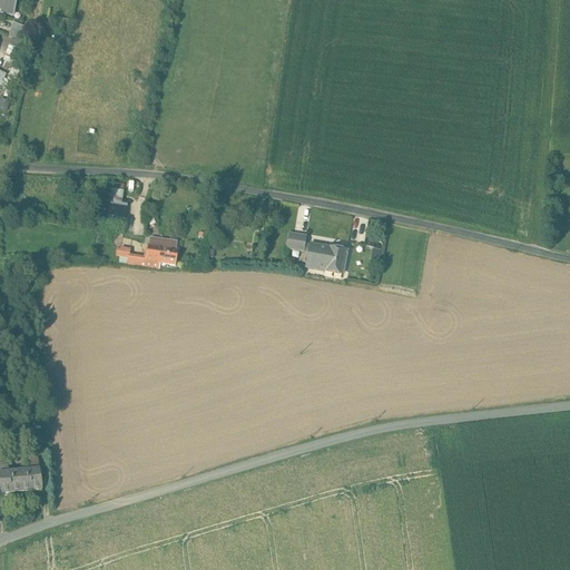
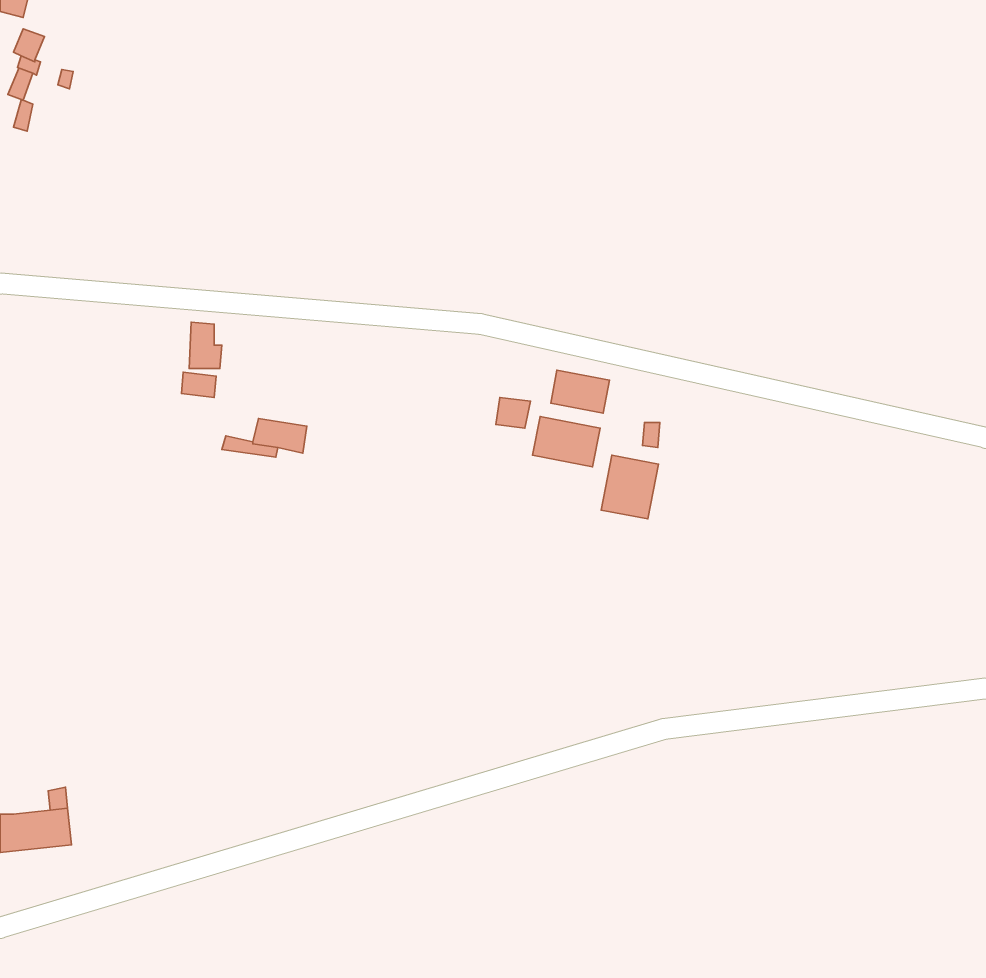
building: none -> [551,370,609,413]
building: none -> [601,455,658,519]

